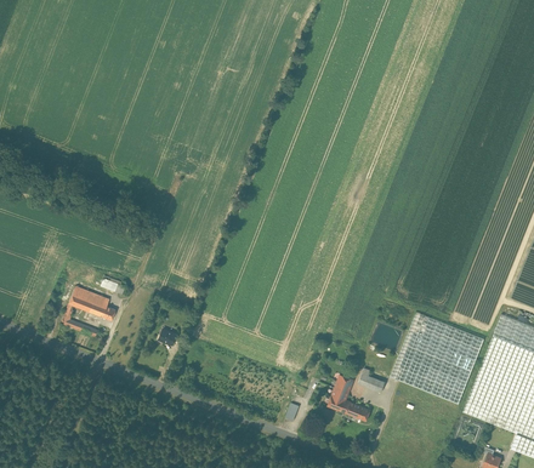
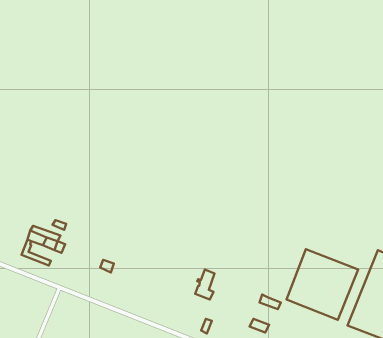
building: [329,375,353,412] -> [195,269,215,300]

